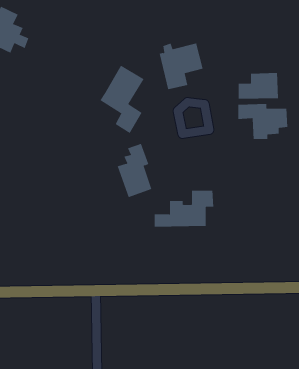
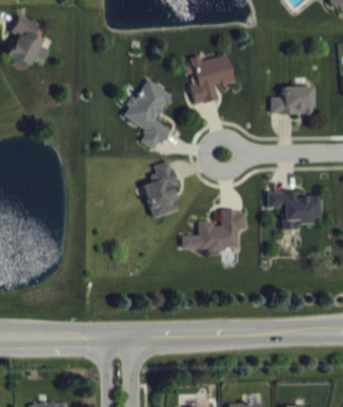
building: [238,103,288,140] -> [267,191,321,229]

